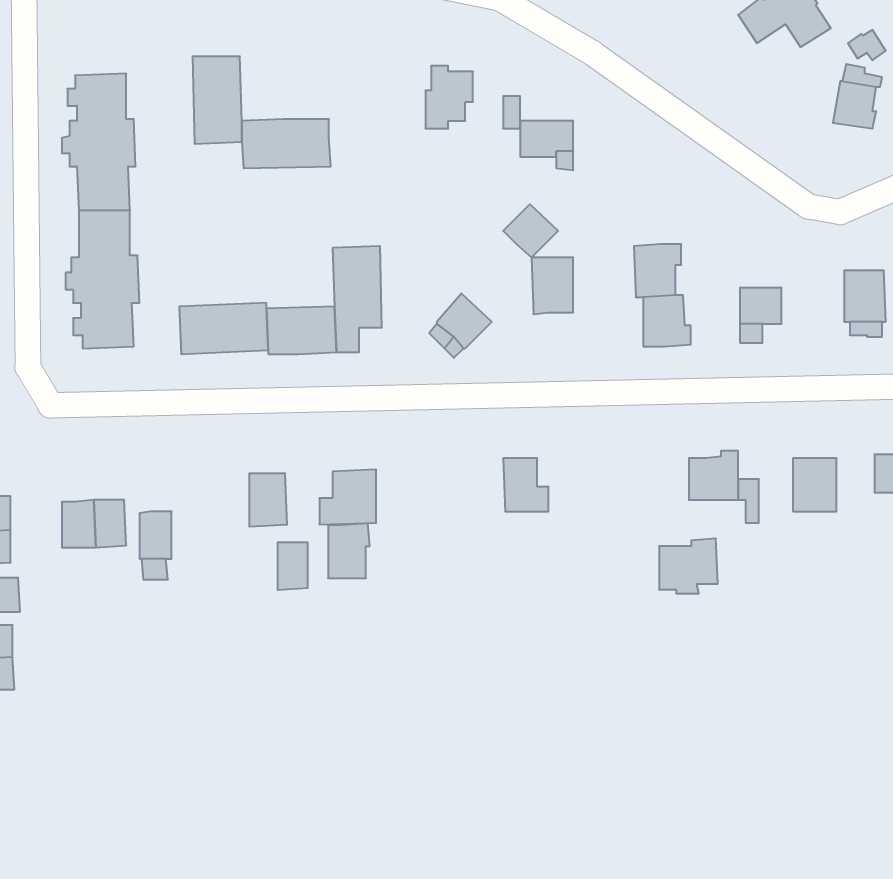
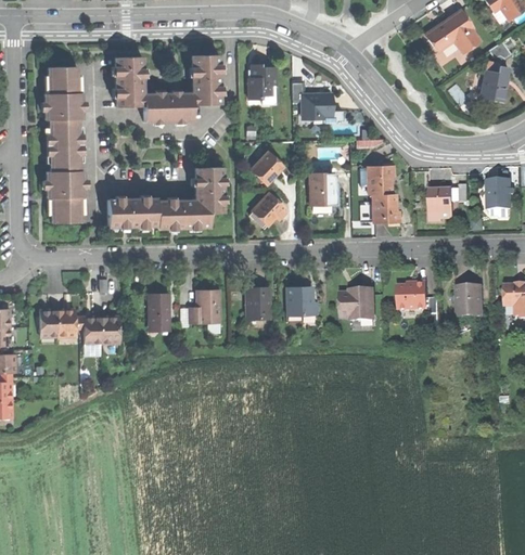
building: none -> [192,53,220,103]
building: [503,204,558,257] -> [253,150,284,180]
building: [328,523,370,578] -> [246,287,270,319]
building: [659,538,718,593] -> [342,289,375,321]
building: [278,542,308,590] -> [103,317,120,344]

